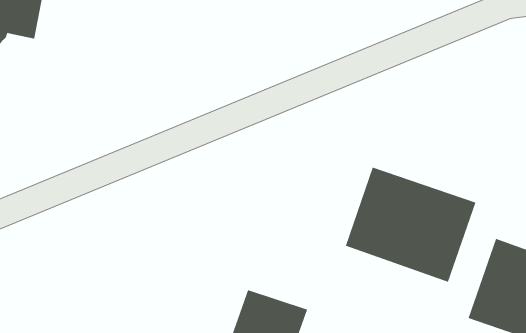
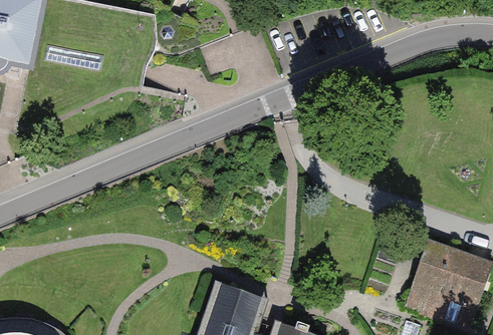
building: [345,167,477,283] -> none

